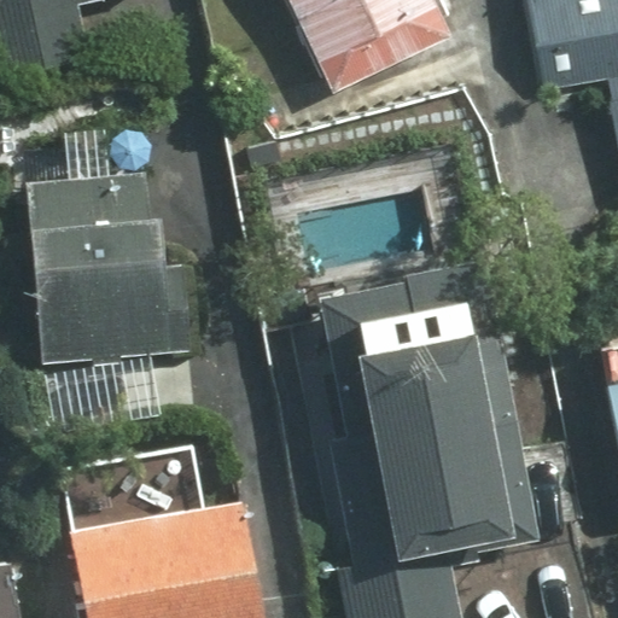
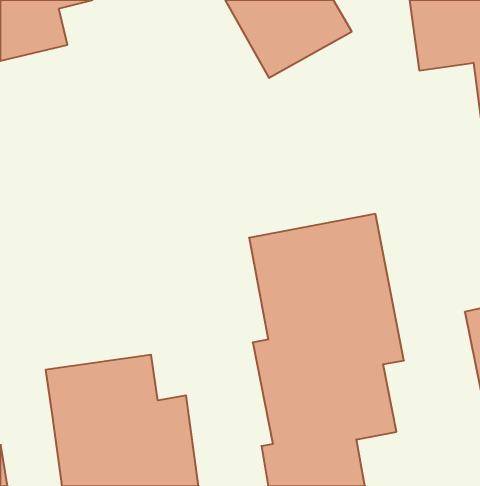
building: [30,133,191,372] -> none

